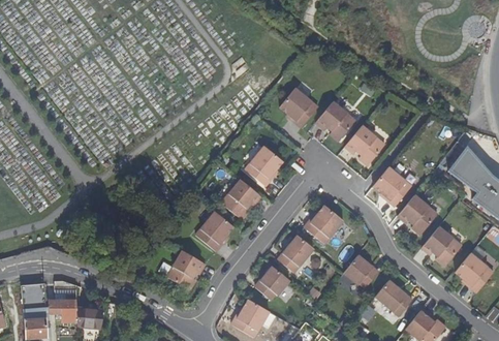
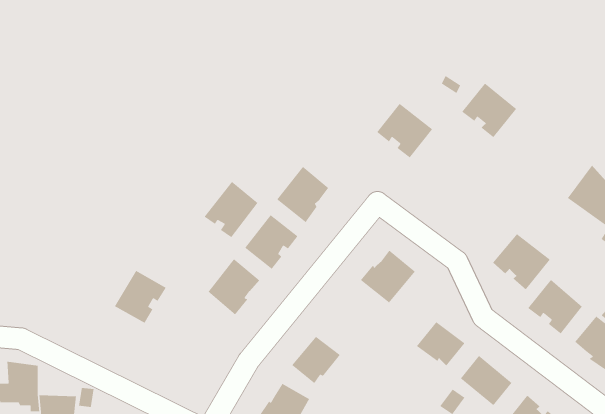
building: [279,89,318,128] -> none
building: [345,126,384,165] -> [461,82,517,138]
building: none -> [203,181,258,238]
building: [373,167,411,207] -> none
building: [278,236,313,273] -> none
building: [168,252,206,290] -> [114,270,167,324]

